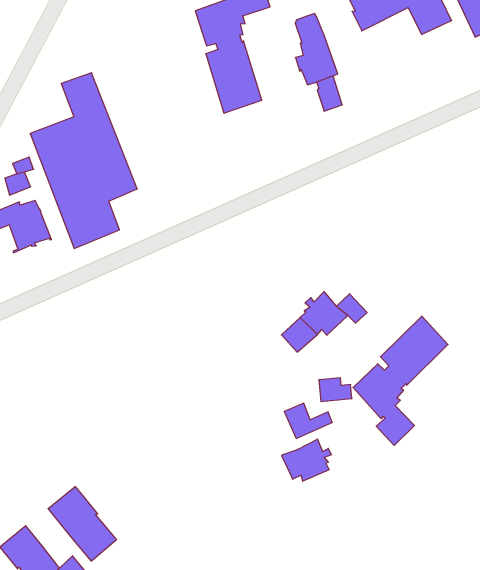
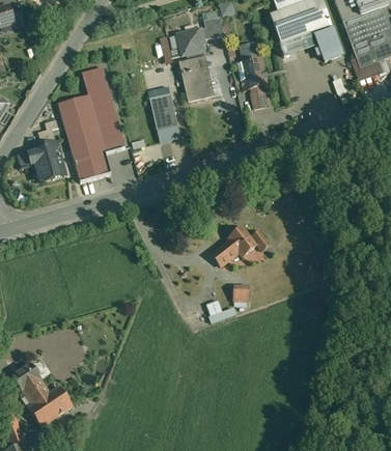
building: none -> [147,85,180,141]
building: [353,316,448,445] -> none
building: [282,439,331,481] -> none
building: [48,487,116,561] -> none

